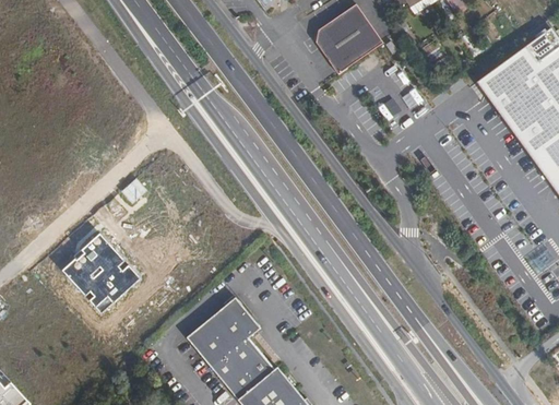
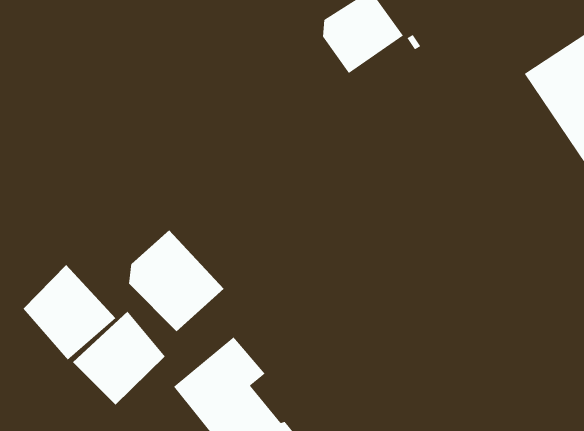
building: none -> [129,229,224,332]
building: none -> [72,311,165,406]

